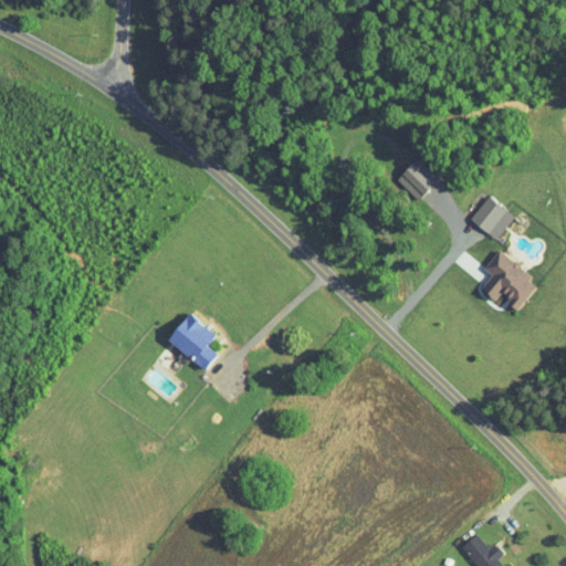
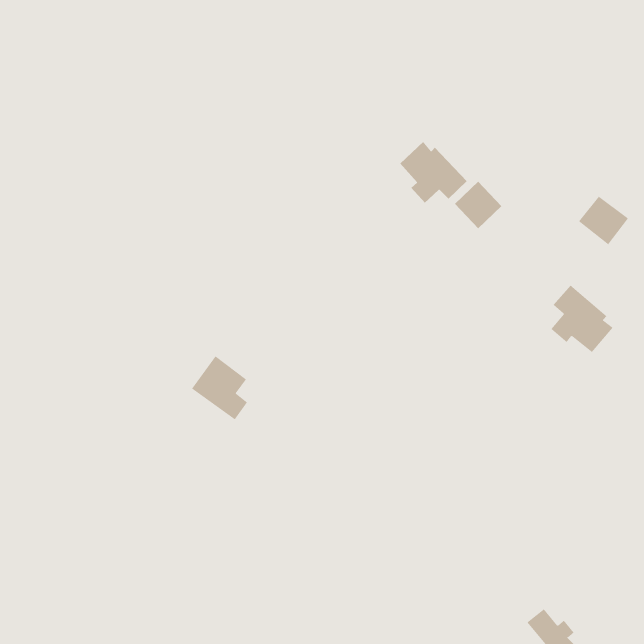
building: none -> [399,141,467,203]
building: [469,198,513,241] -> [578,196,629,245]

